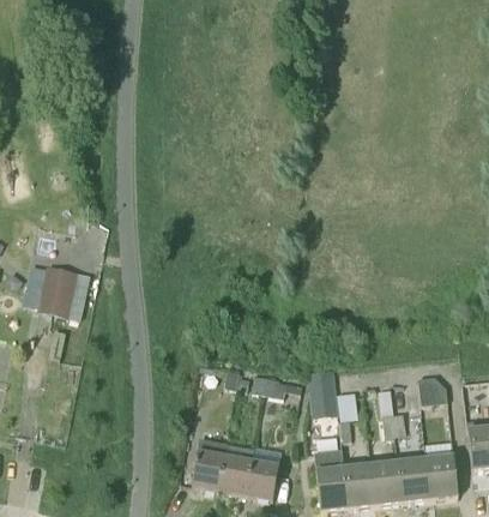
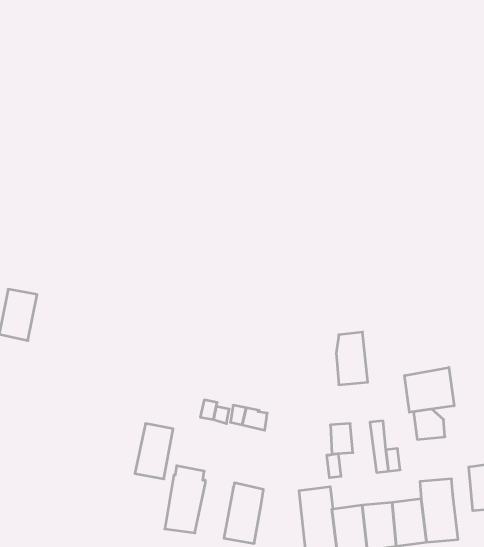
building: none -> [405,367,454,412]
building: [309,369,338,417] -> [336,332,368,385]
building: [219,445,254,495] -> [135,424,173,479]

